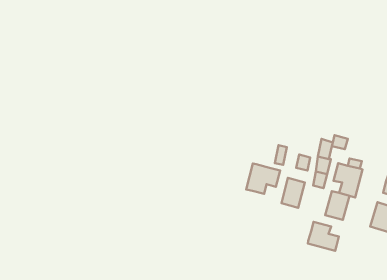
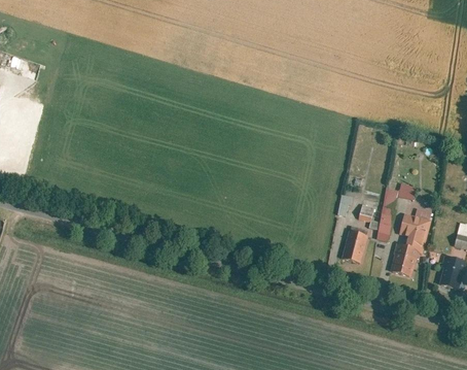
building: [246,163,280,194] -> none
building: [308,222,339,251] -> none

